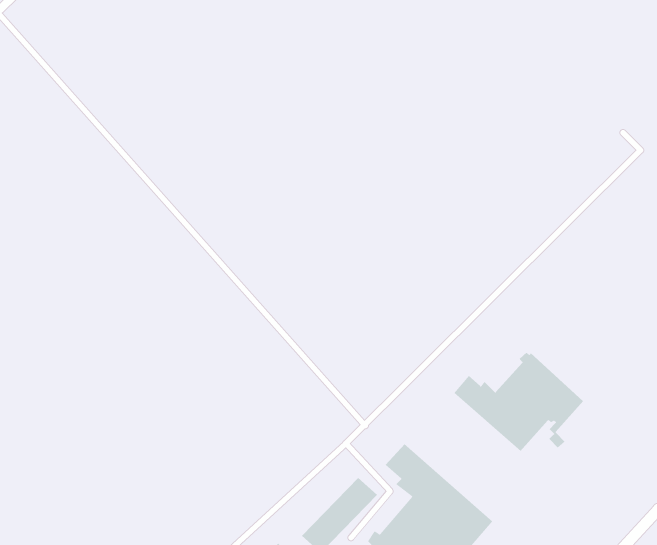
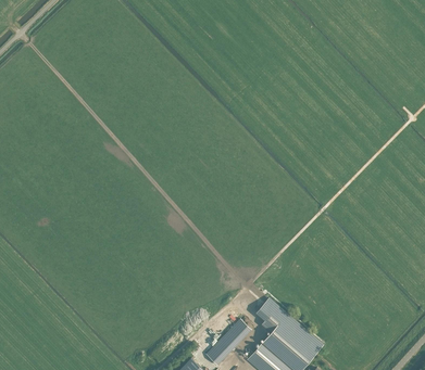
building: [454,352,584,452] -> none

